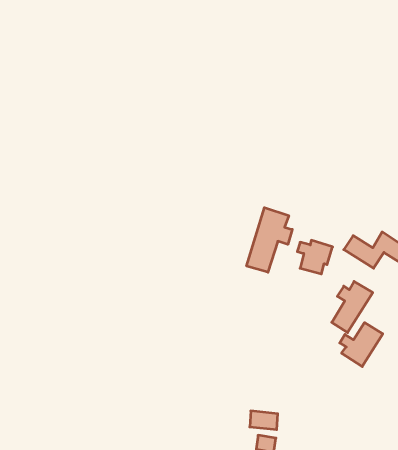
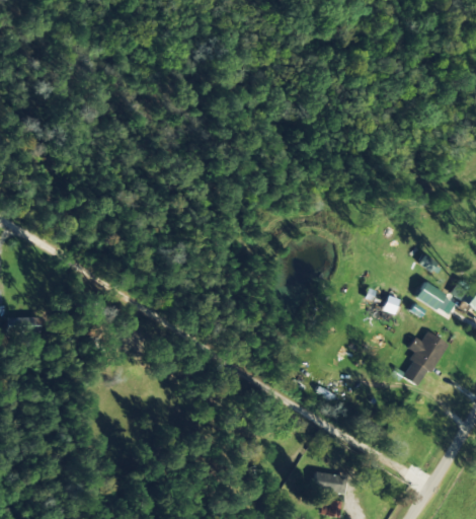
building: [247,208,292,272] -> none
building: [340,323,383,367] -> none

